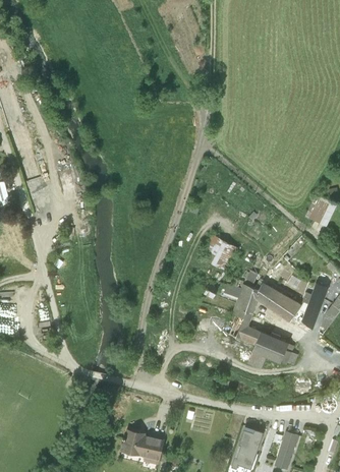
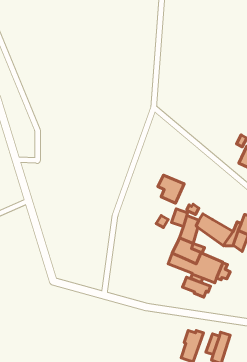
building: none -> [183,277,211,297]
building: [126,429,164,461] -> none

